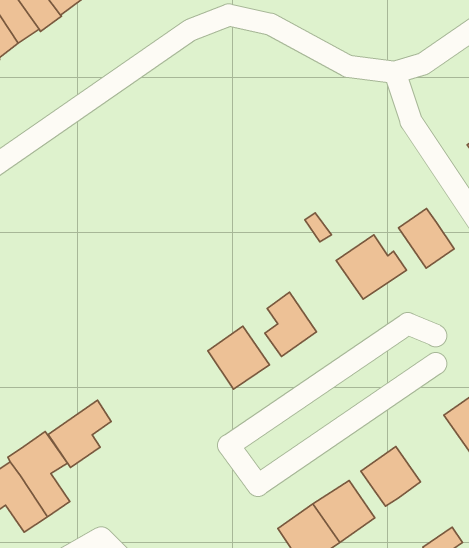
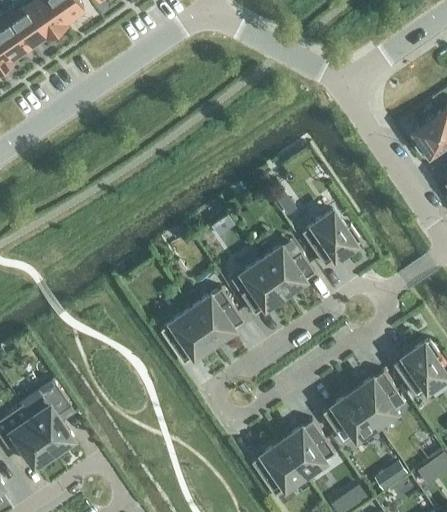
building: [399,209,454,268] -> none
building: none -> [262,247,316,294]
building: none -> [161,310,214,363]
building: [48,400,111,467] -> none
building: none -> [353,371,395,422]

